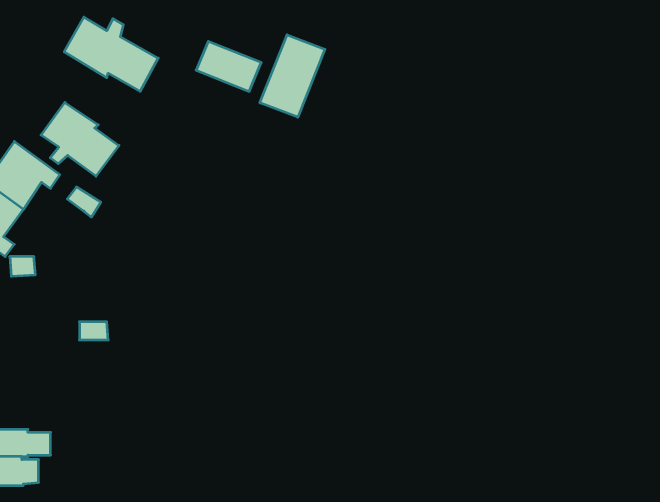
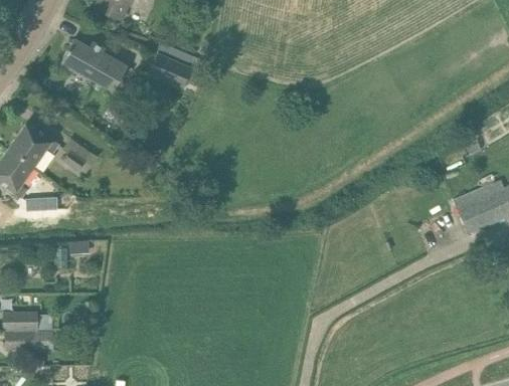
building: [260,35,325,117] -> none
building: [41,102,119,176] -> none

